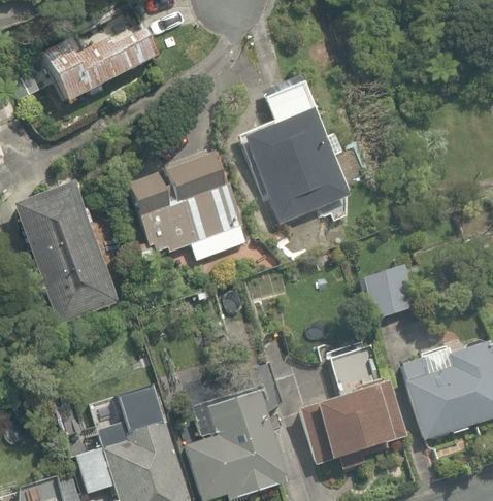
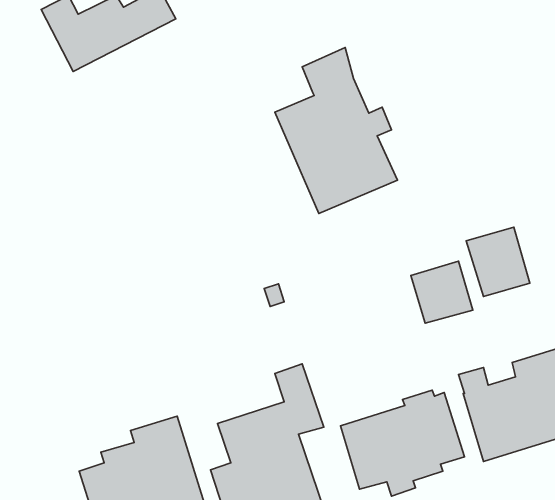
building: [128,148,249,264] -> none
building: [13,181,122,325] -> none
building: none -> [466,227,530,296]

